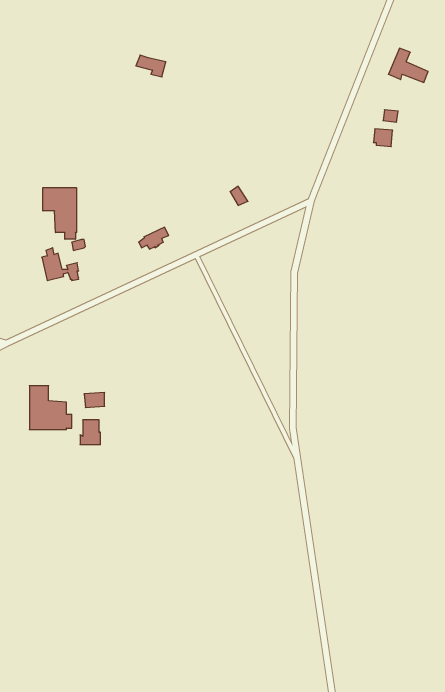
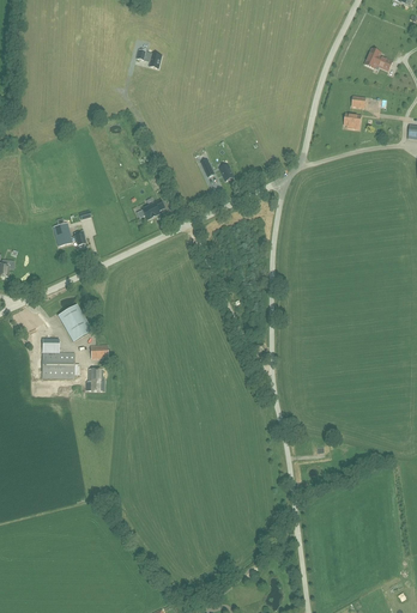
building: [43,188,76,239] -> none
building: none -> [58,304,92,341]

